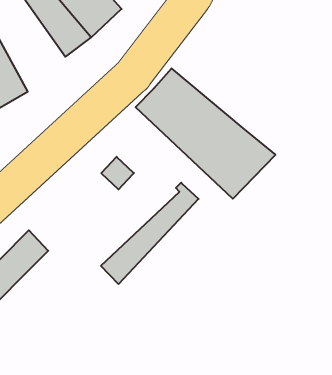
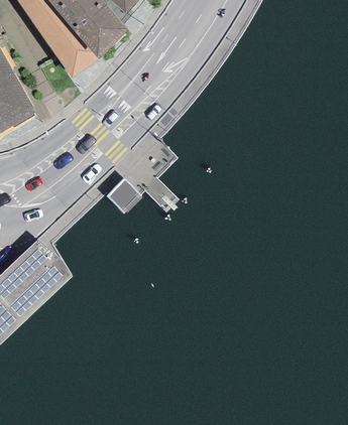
building: [136,68,275,199] -> none
building: [101,183,199,284] -> none

